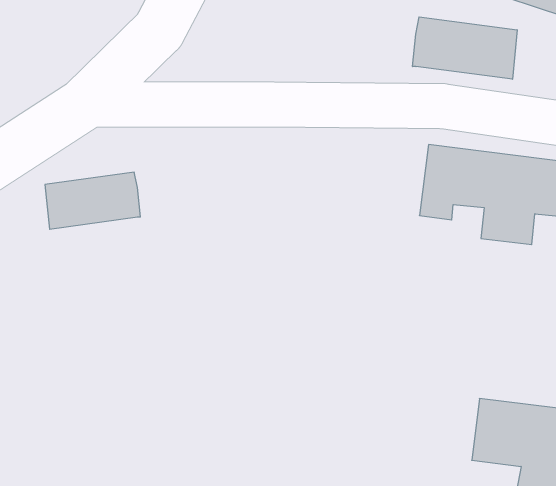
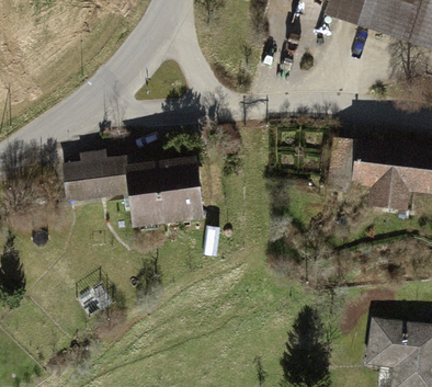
building: [413,17,517,79] -> none
building: none -> [130,160,201,223]

